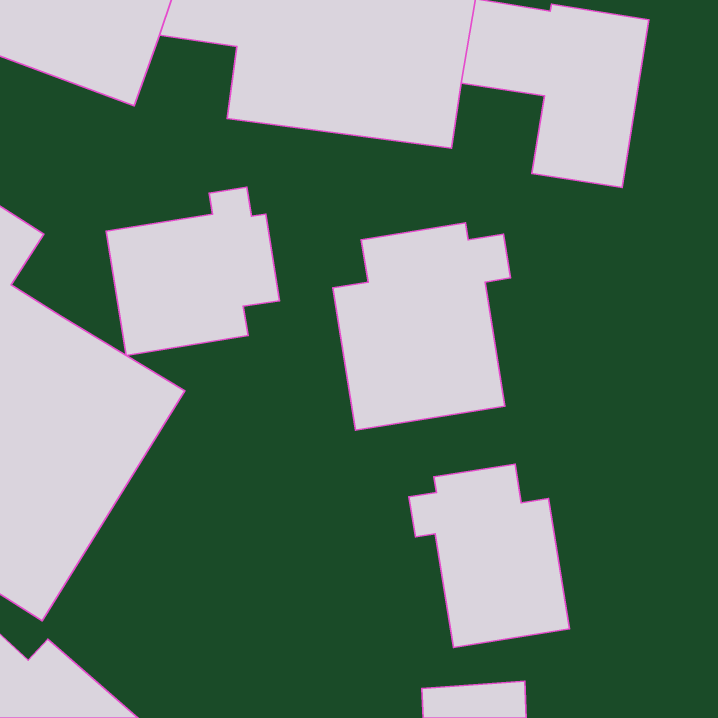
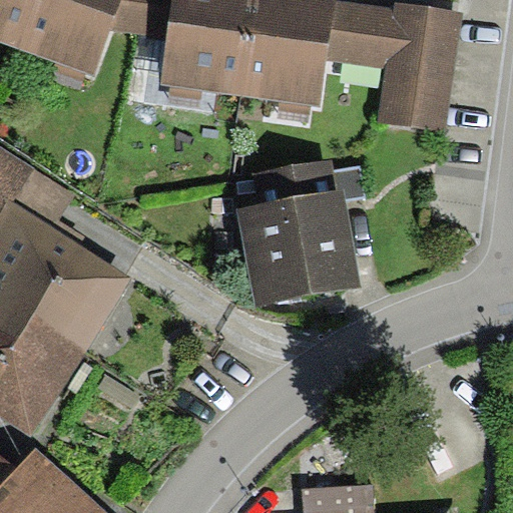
building: [106,187,280,355] -> none
building: [409,464,570,648] -> none

